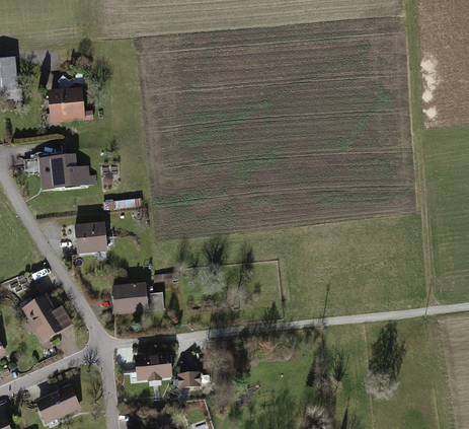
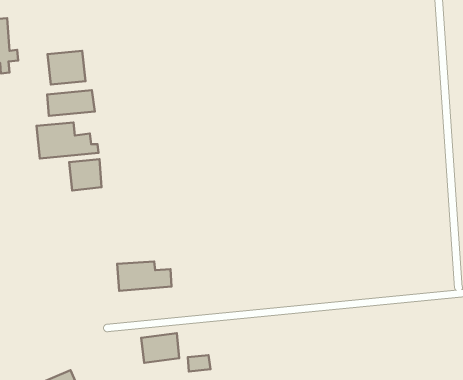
building: none -> [47,90,95,116]
building: [74,223,104,253] -> [69,159,102,191]
building: [23,295,70,340] -> none

